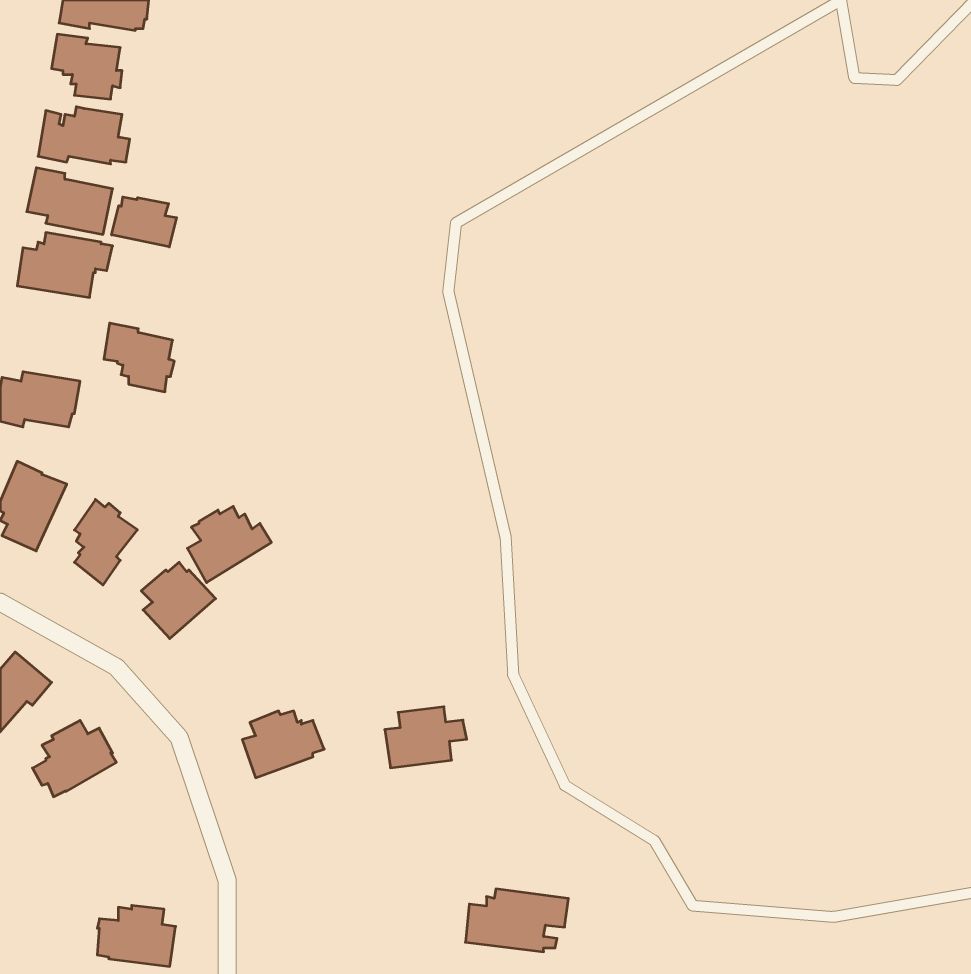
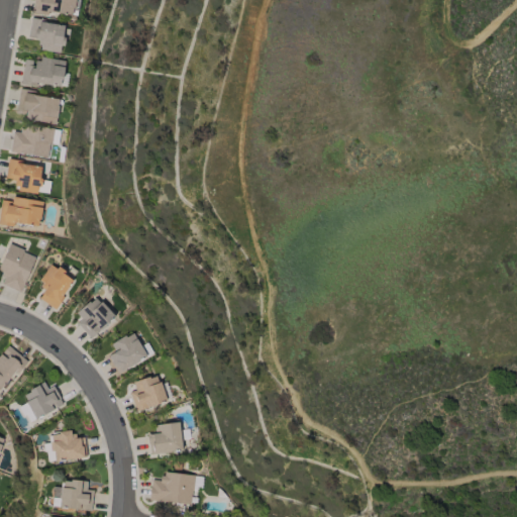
building: [112,197,177,247] -> none
building: [104,323,174,392] -> [6,159,43,195]
building: [187,506,271,583] -> [110,333,154,374]
building: [385,707,467,768] -> [148,422,192,454]
building: none -> [43,430,88,461]
building: [465,889,568,952] -> [150,472,205,505]

